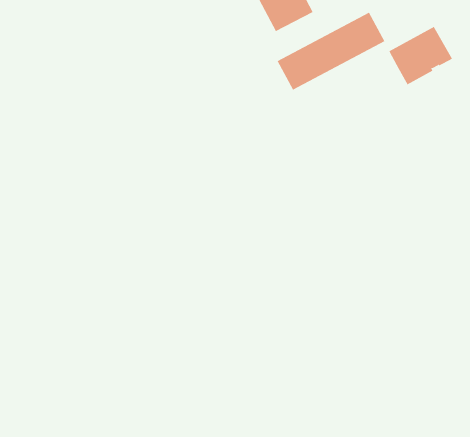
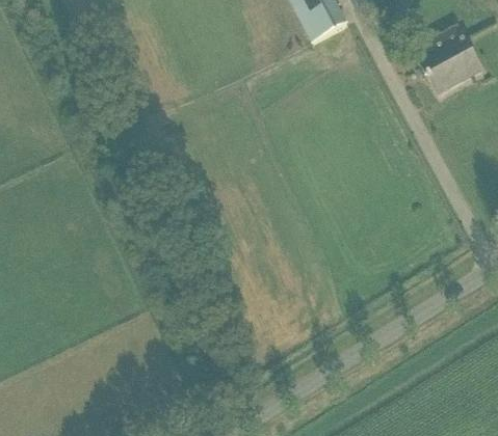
building: [277,12,385,91] -> none

